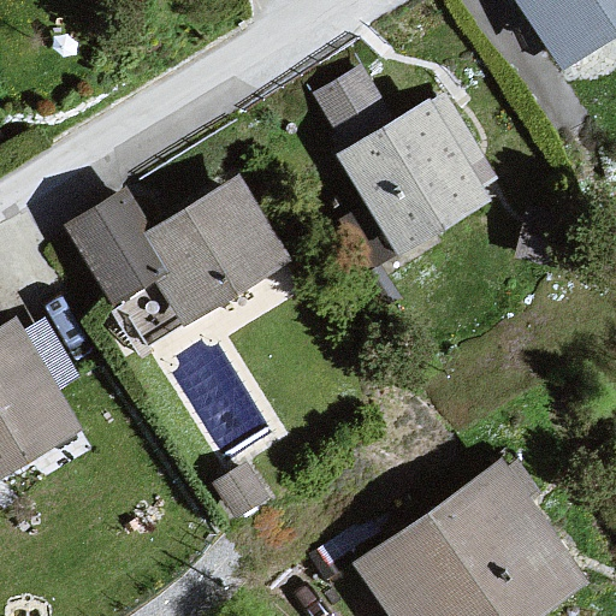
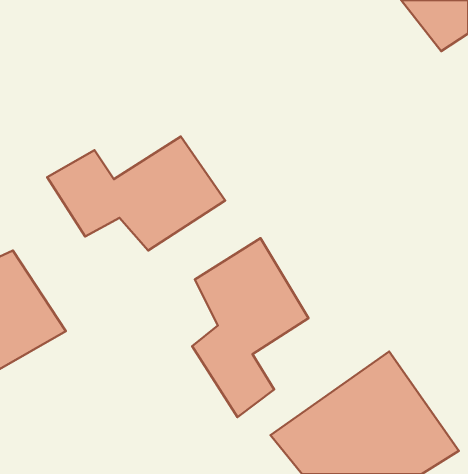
building: [303,70,492,257] -> none
building: none -> [192,238,309,417]

